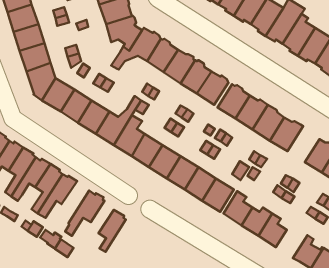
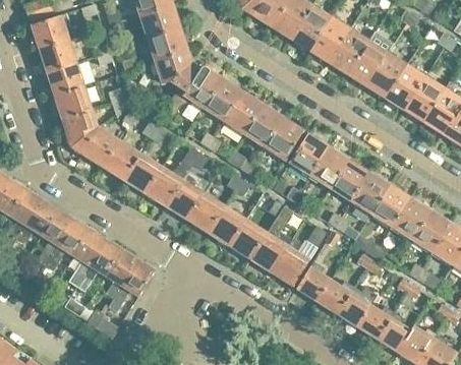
building: none -> [372,183,410,226]
building: [99,210,126,252] -> [104,248,136,298]
building: none -> [358,305,396,340]

